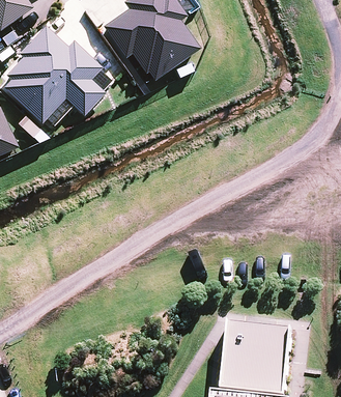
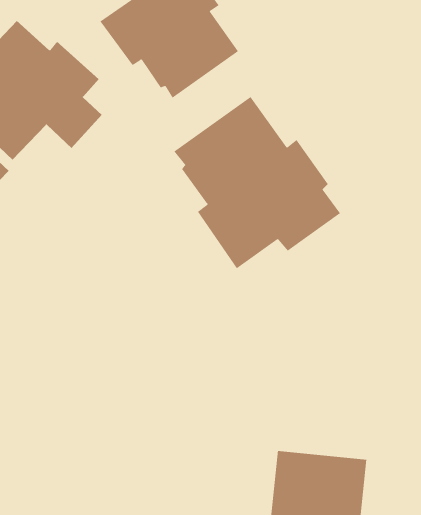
building: none -> [174,96,341,269]

